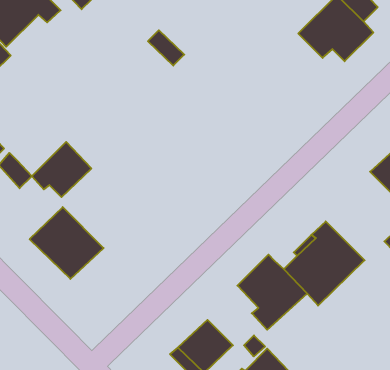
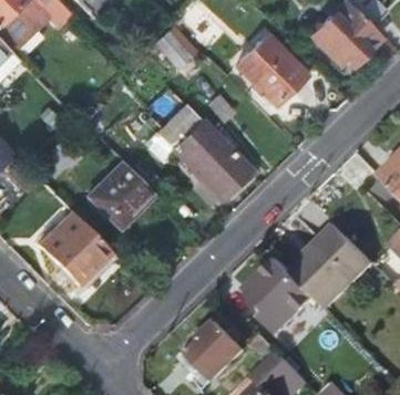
building: none -> [239,33,306,98]
building: none -> [154,104,248,200]
building: [32,142,91,197] -> [88,163,147,218]

